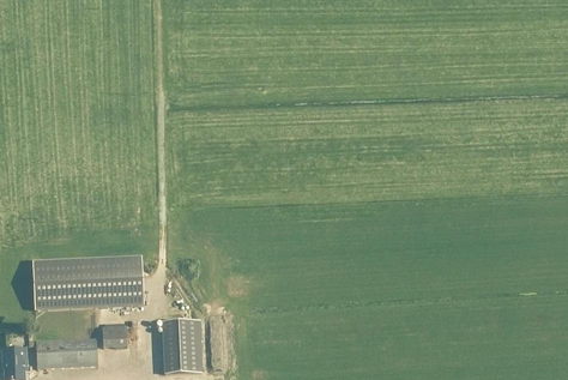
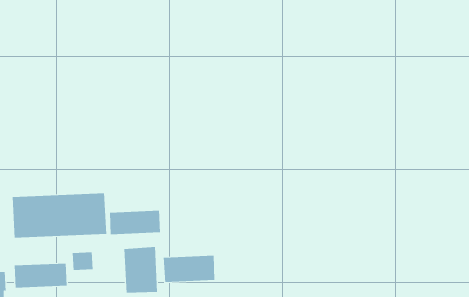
building: none -> [109,210,160,235]
building: none -> [163,255,215,283]

